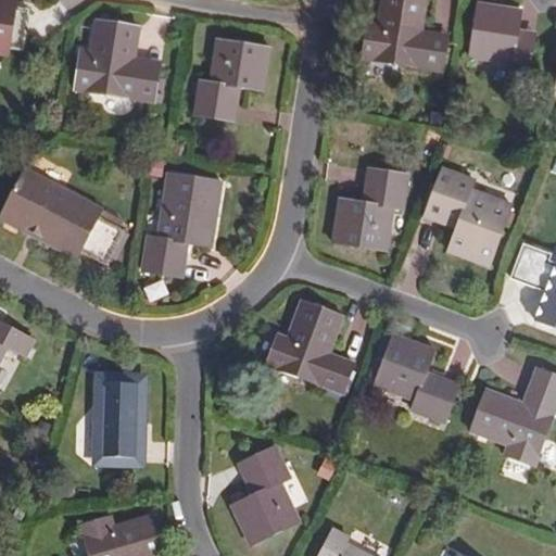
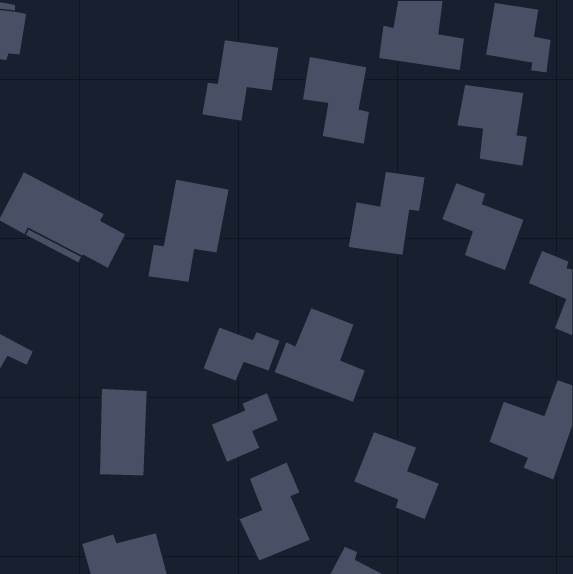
building: [73,21,159,100] -> none
building: none -> [302,56,370,145]
building: none -> [456,84,528,166]
building: none -> [202,326,280,382]
building: [374,332,457,418] -> [353,431,440,520]
building: none -> [211,392,279,463]

